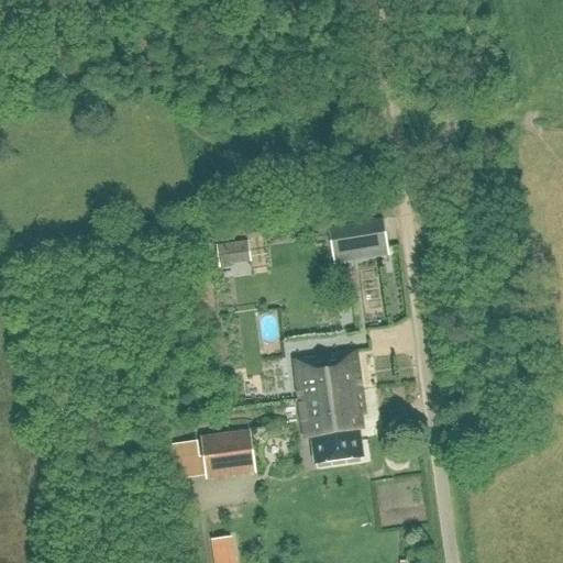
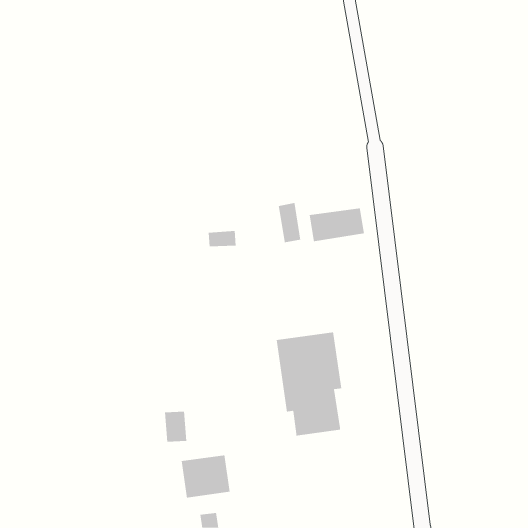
building: none -> [278,202,301,243]
building: [201,433,254,479] -> [181,455,230,498]

